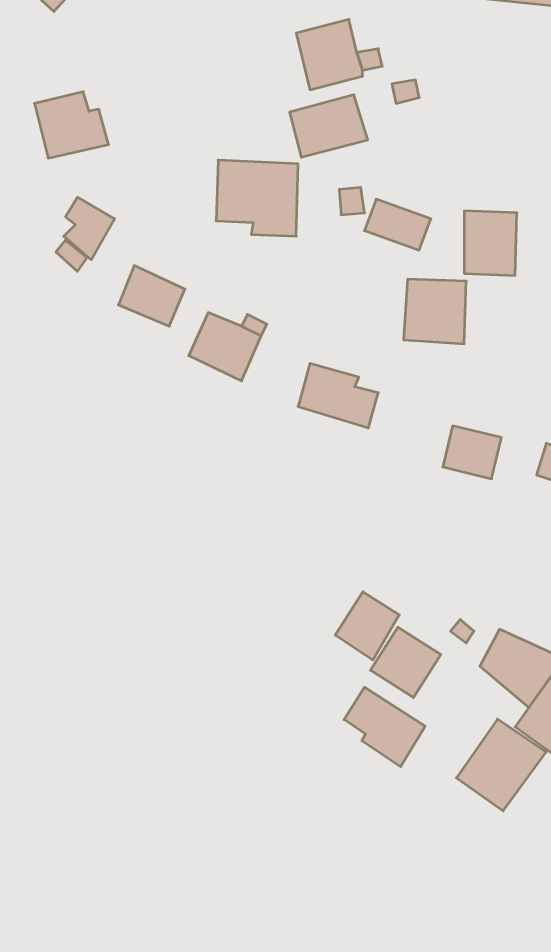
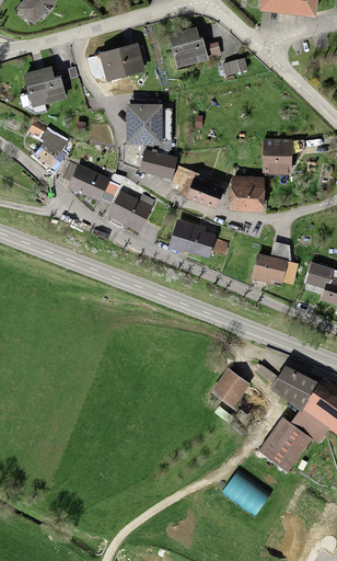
building: [290,95,368,157] -> [101,44,144,79]
building: [364,199,431,250] -> [186,179,223,207]
building: none -> [140,149,176,178]
building: [335,592,399,660] -> none
building: [344,687,425,767] -> none

